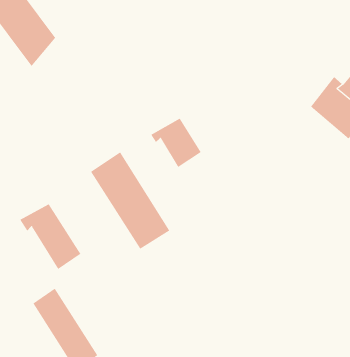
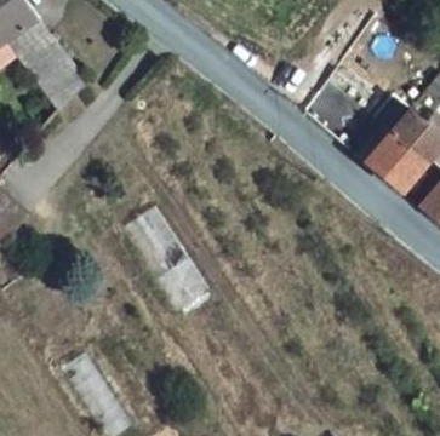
building: [150,118,202,168] -> none
building: [20,203,81,270] -> none

